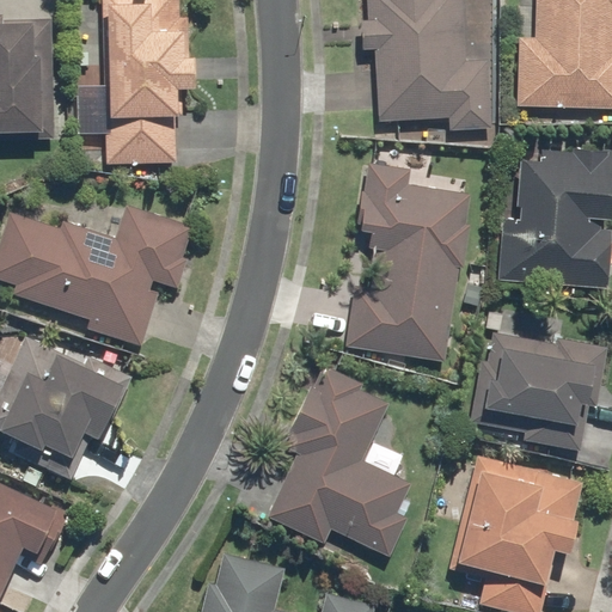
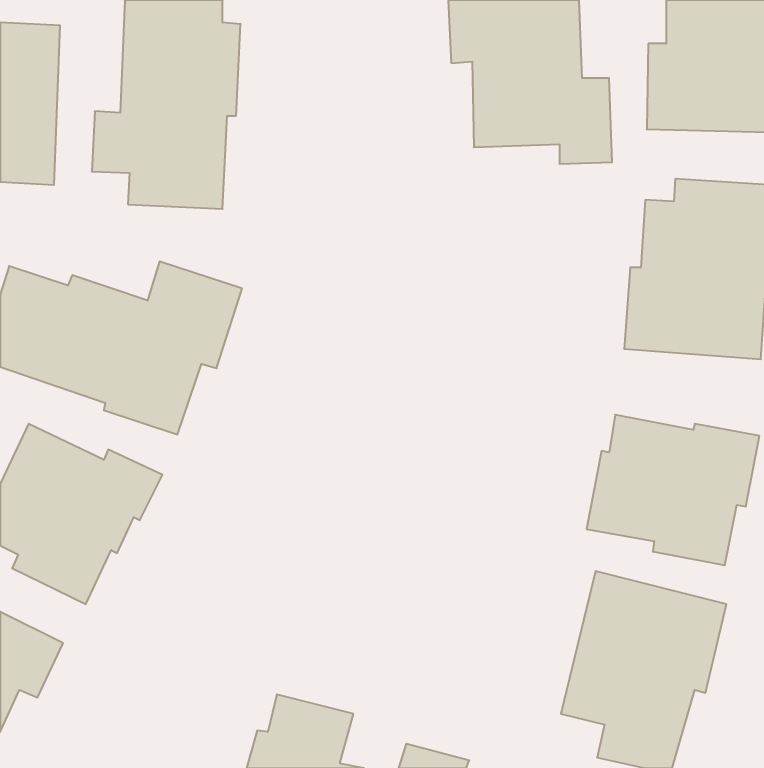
building: [347,161,473,357] -> none
building: [267,363,411,555] -> none

